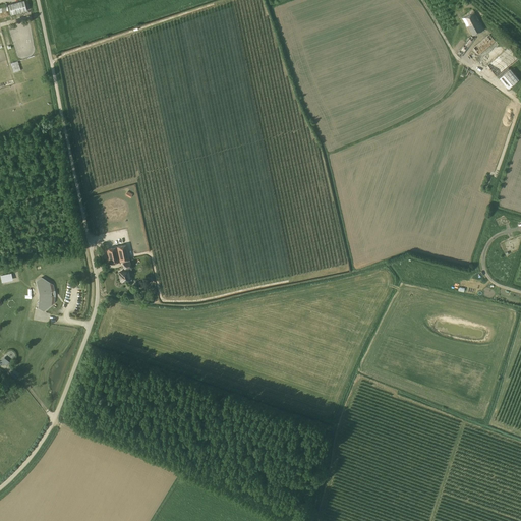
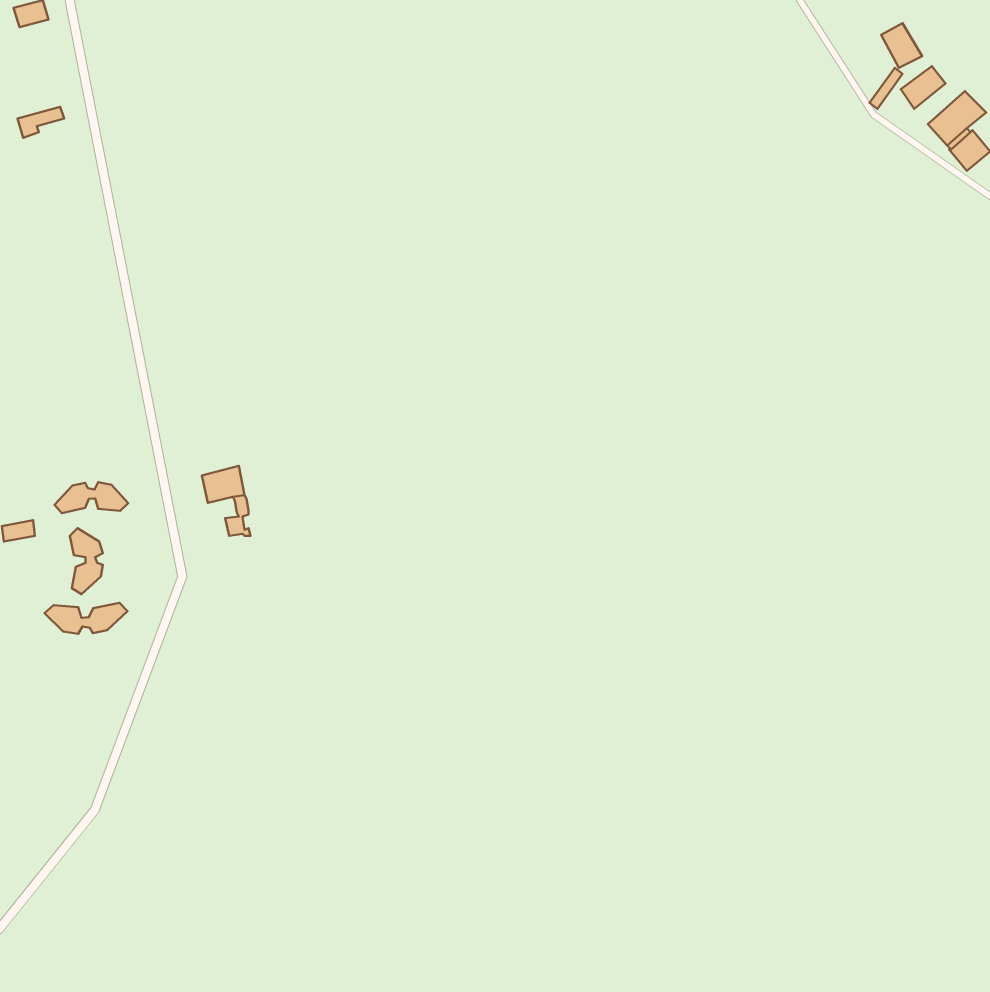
building: none -> [54,482,128,513]
building: none -> [45,603,128,634]

